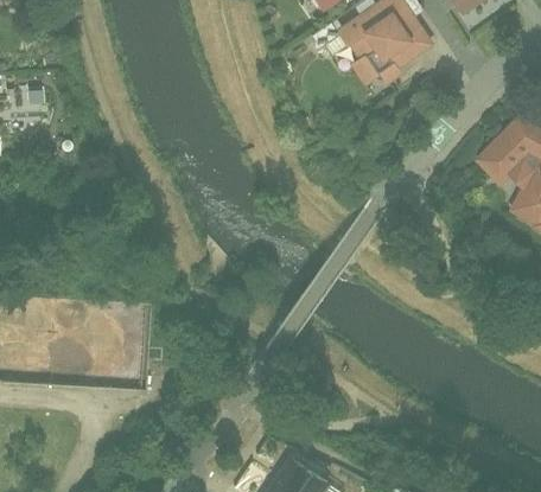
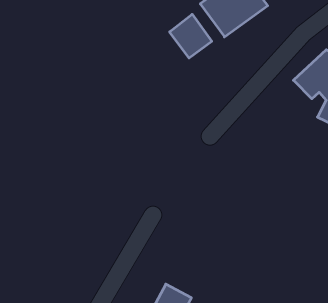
building: none -> [170,14,212,58]

